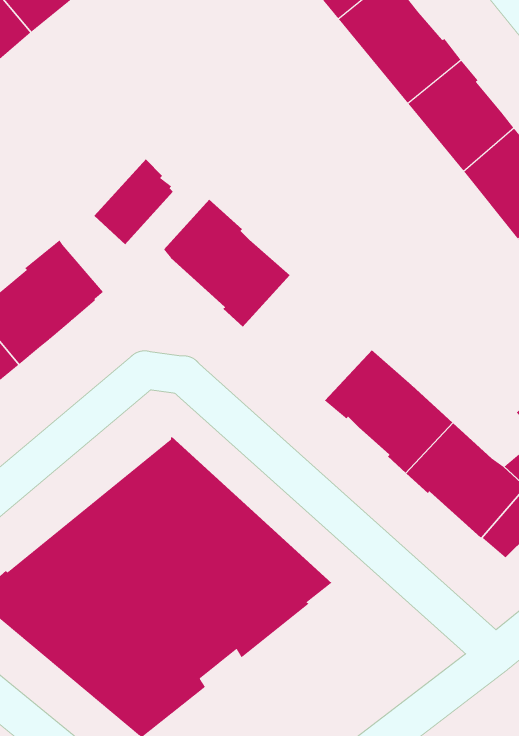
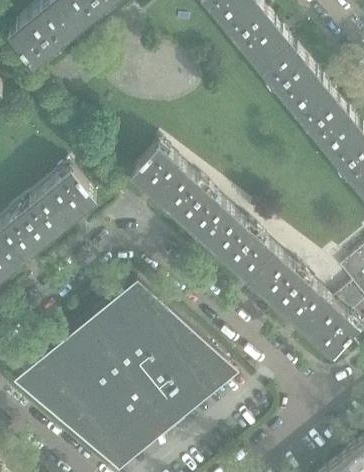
building: [93,159,174,245] -> none
building: none -> [178,191,254,265]

